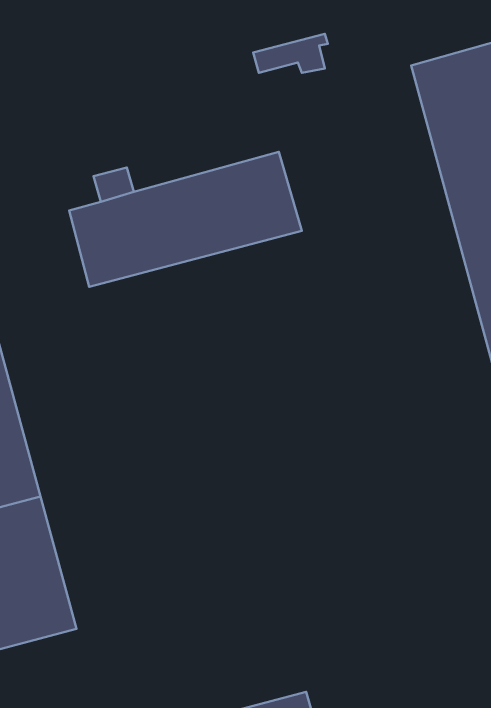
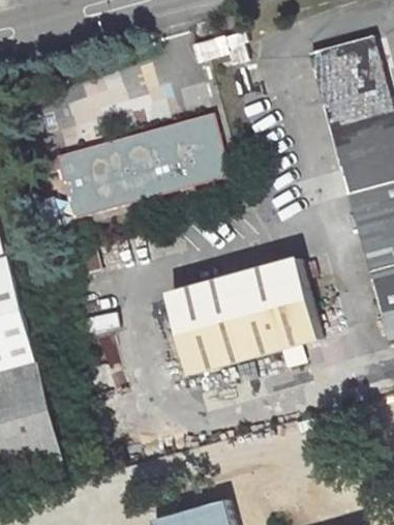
building: none -> [171,256,321,391]

